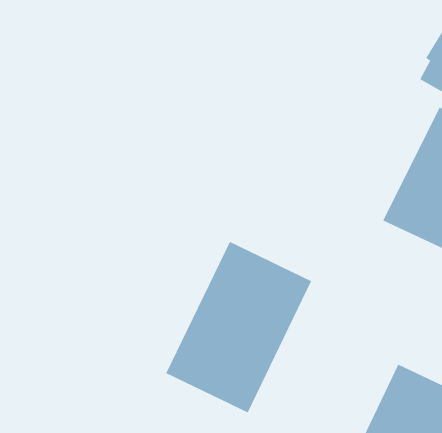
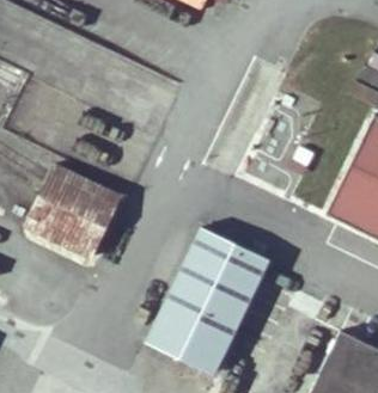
building: none -> [23,164,126,269]

